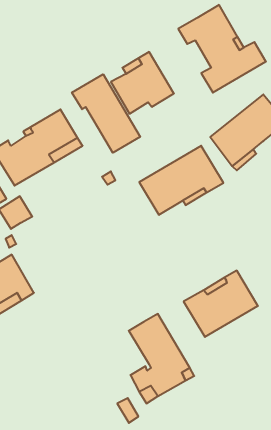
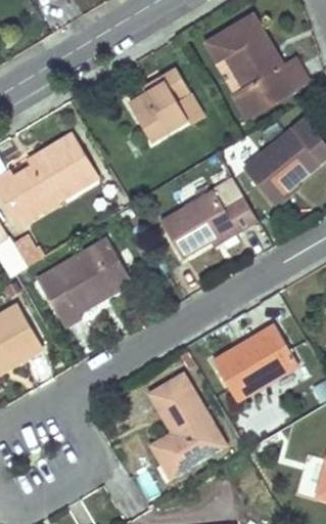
building: [72,74,140,153] -> none
building: none -> [38,236,132,326]

